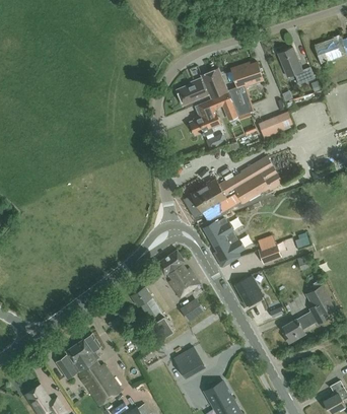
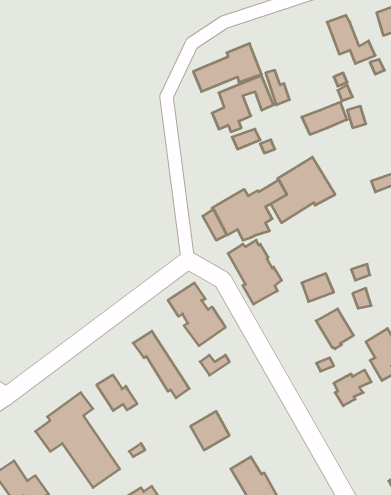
building: [230,63,263,86] -> none
building: [233,275,262,305] -> [316,309,354,349]
building: none -> [97,375,137,411]

